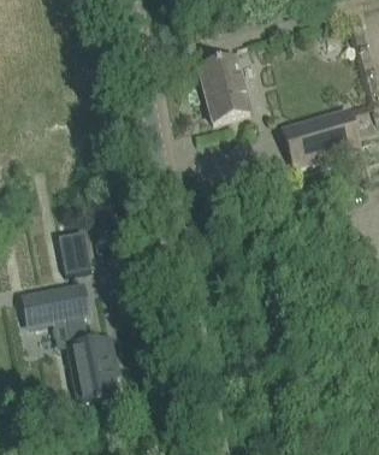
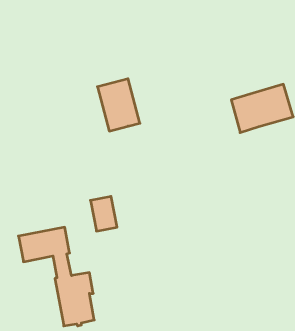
building: [199,57,250,120] -> [97,79,140,131]
building: [59,231,91,273] -> [90,196,117,231]

